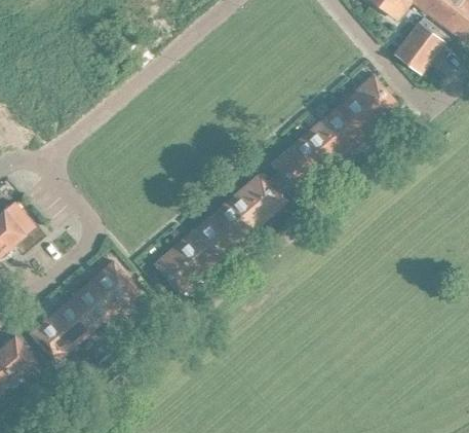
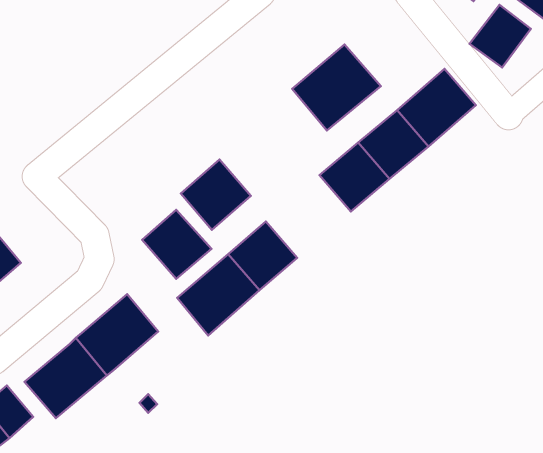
building: none -> [292,44,381,130]
building: [227,171,284,228] -> [181,160,251,230]
building: none -> [142,210,211,279]

